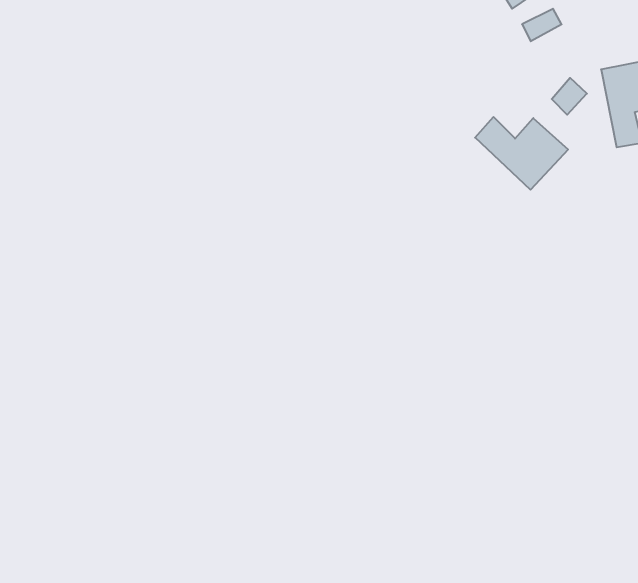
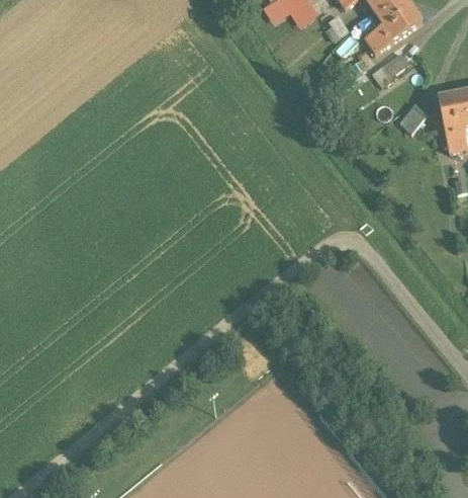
building: [475,117,568,190] -> none

